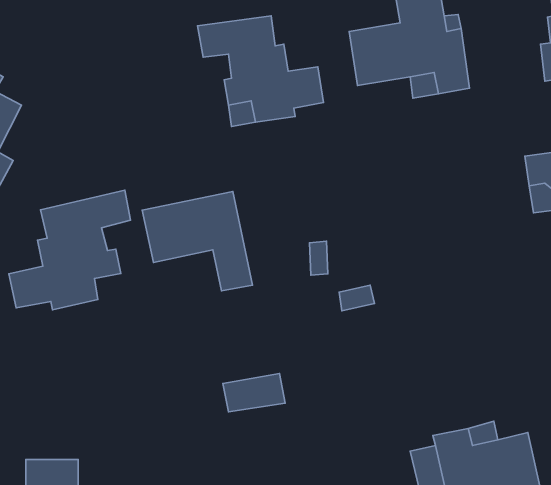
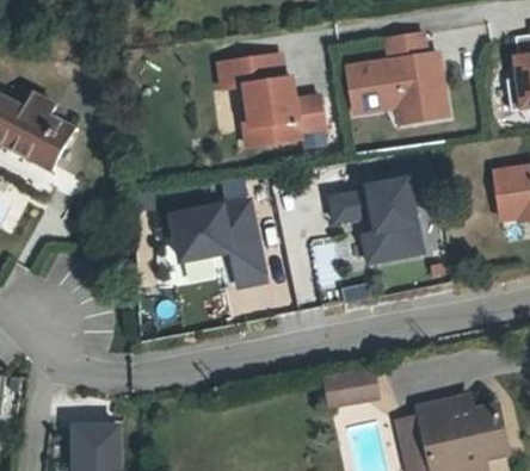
building: none -> [331,176,423,262]
building: [9,190,130,310] -> none
building: [223,373,285,412] -> [325,370,377,402]

